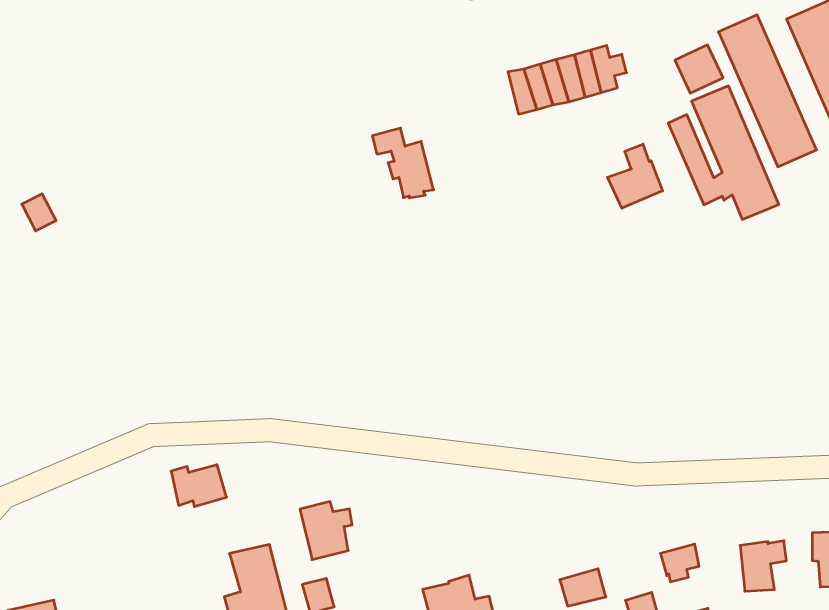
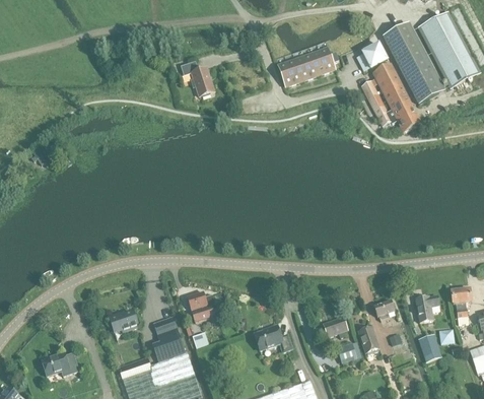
building: [372,128,434,198] -> [182,61,215,96]
building: [607,144,663,208] -> none
building: [171,465,227,507] -> [110,312,139,334]

